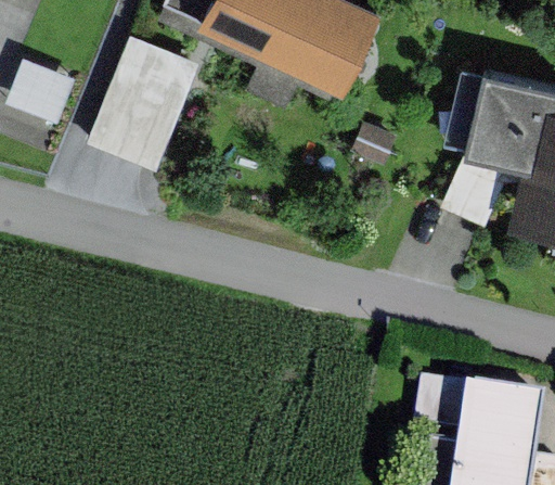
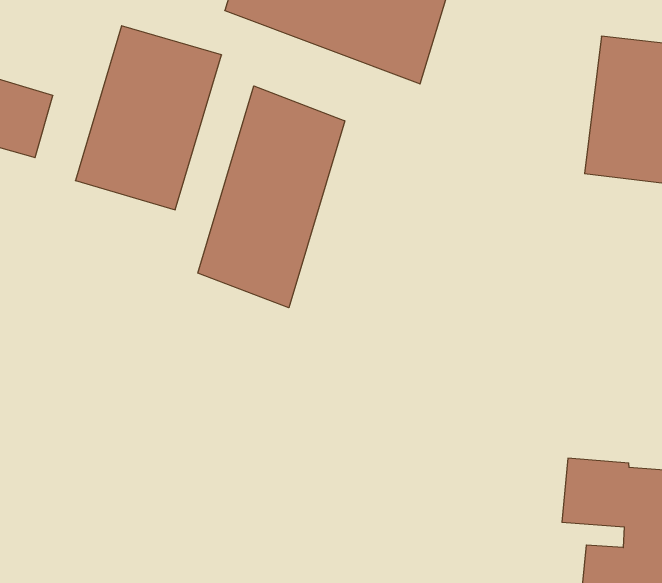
building: none -> [198,86,345,308]

